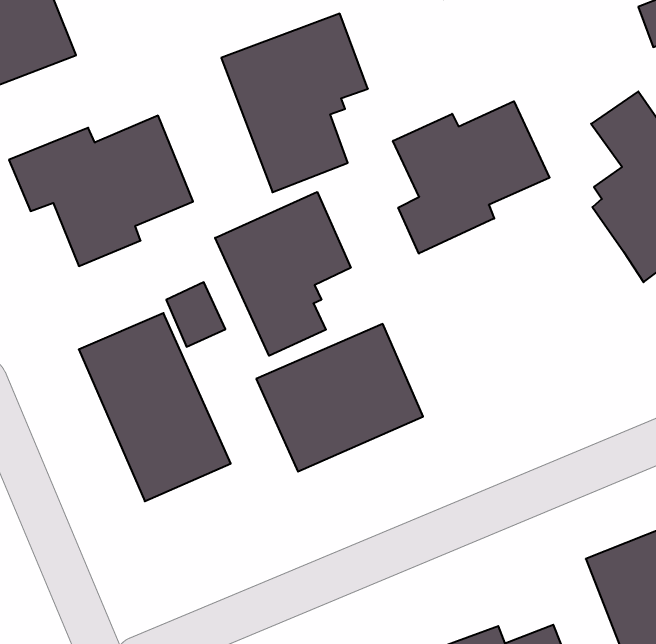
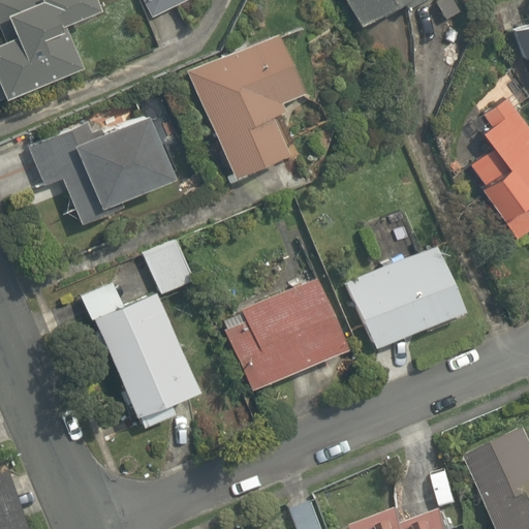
building: [393,101,550,254] -> none
building: [215,192,351,356] -> none
building: none -> [347,244,464,349]

